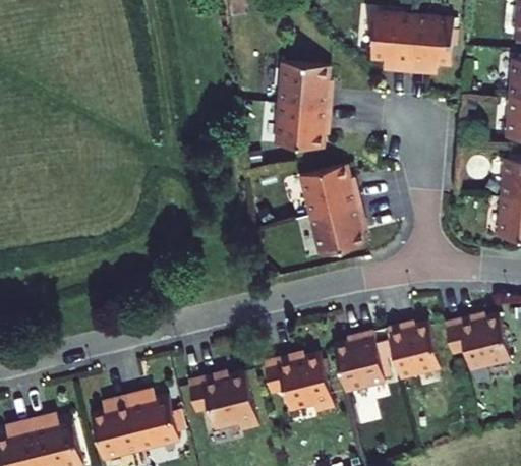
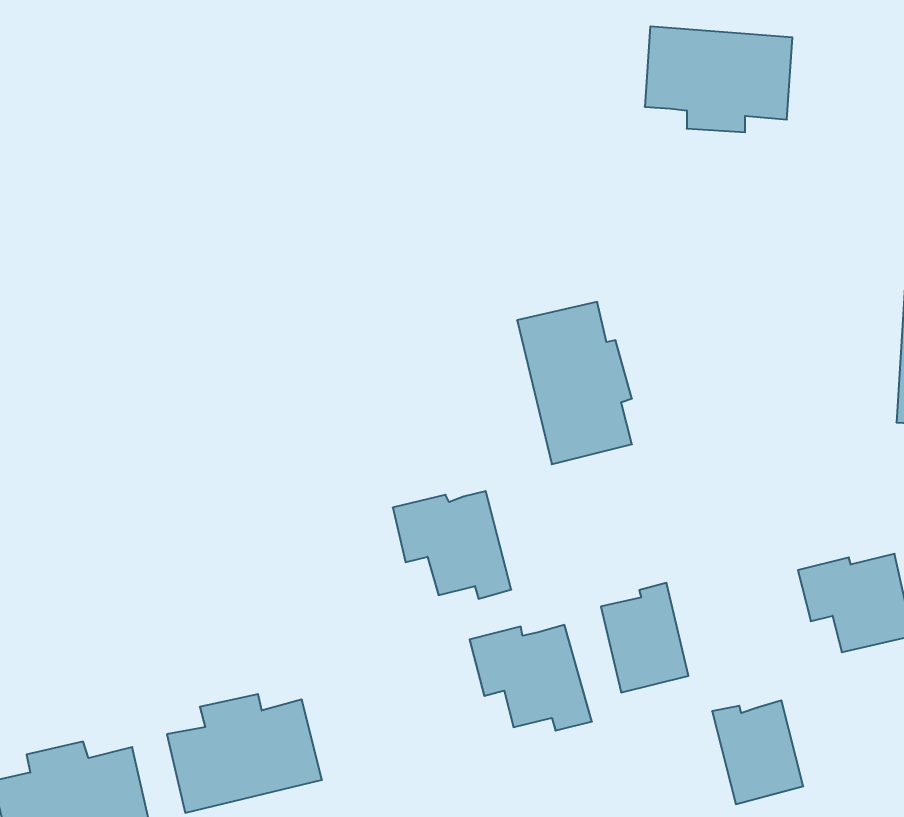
building: [266,67,323,153] -> none
building: [390,318,441,376] -> [712,700,803,804]
building: [192,369,258,429] -> [393,491,511,599]

